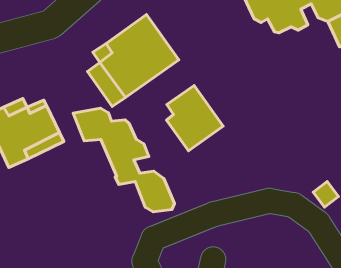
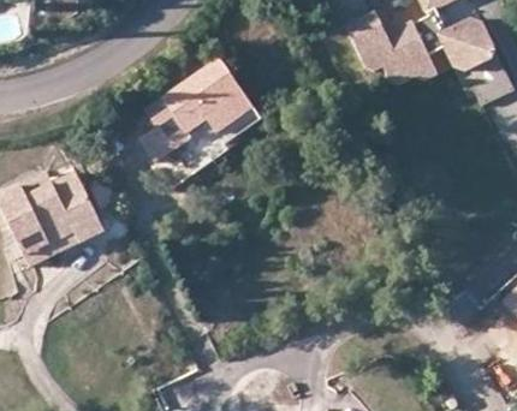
building: [167,86,223,151] -> none
building: [73,108,174,212] -> none

